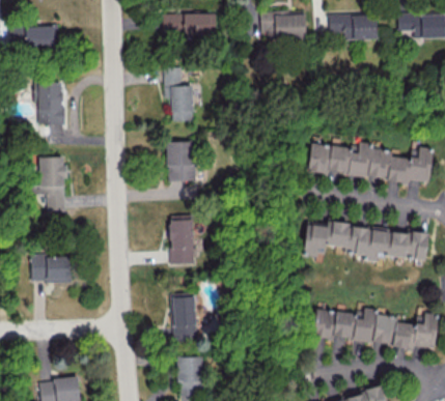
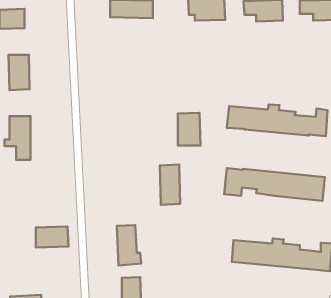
building: [164,68,193,121] -> none
building: [167,141,195,181] -> [178,113,200,145]
building: [169,216,194,265] -> [160,165,180,205]
building: [31,256,72,282] -> [36,227,68,247]

